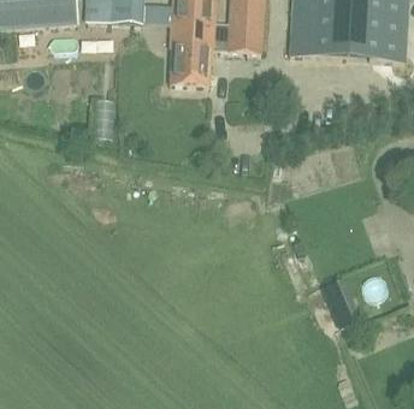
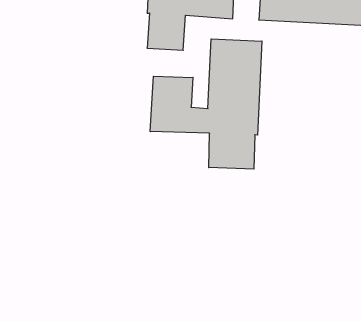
building: none -> [150,39,262,169]

